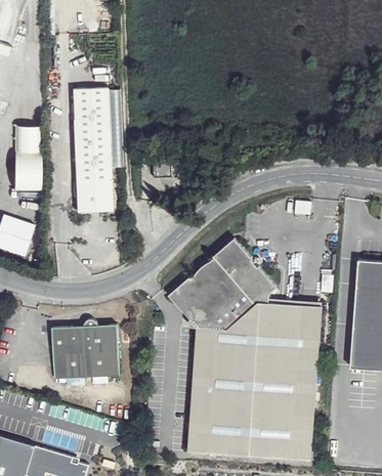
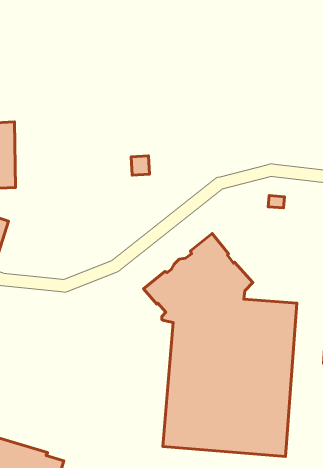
building: [74,91,113,215] -> none
building: [52,317,120,377] -> none

